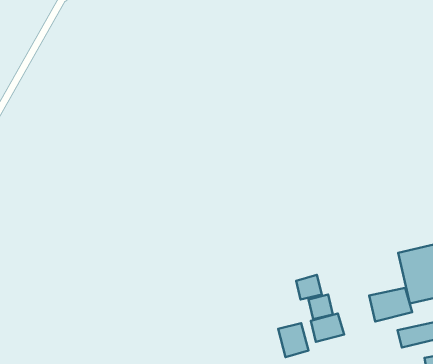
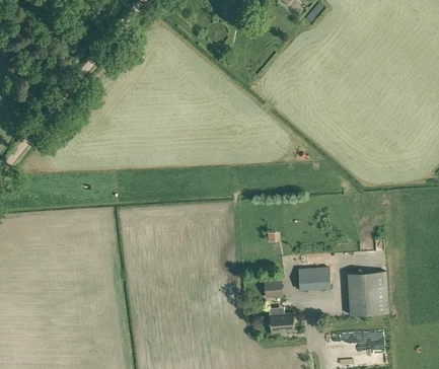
building: [369,288,412,321] -> [298,267,330,289]
building: [278,323,308,357] -> none

